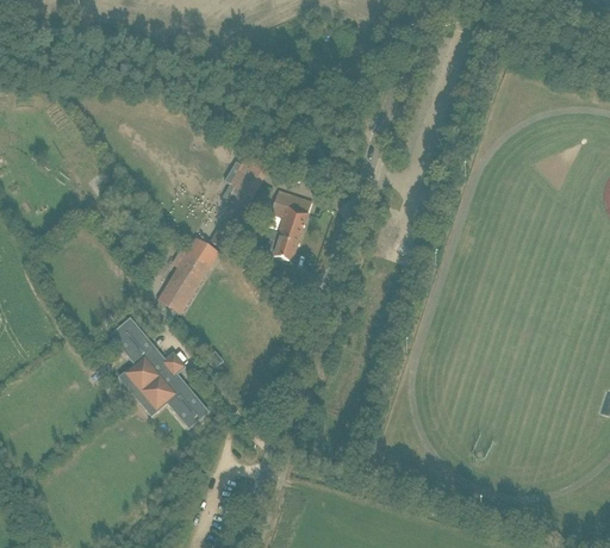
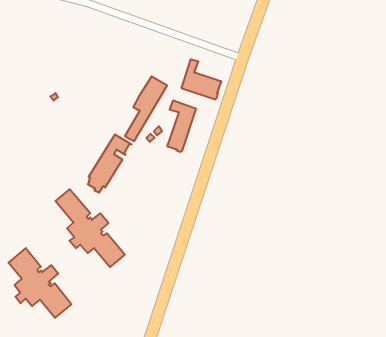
building: none -> [182,59,221,100]
building: none -> [8,248,71,318]

